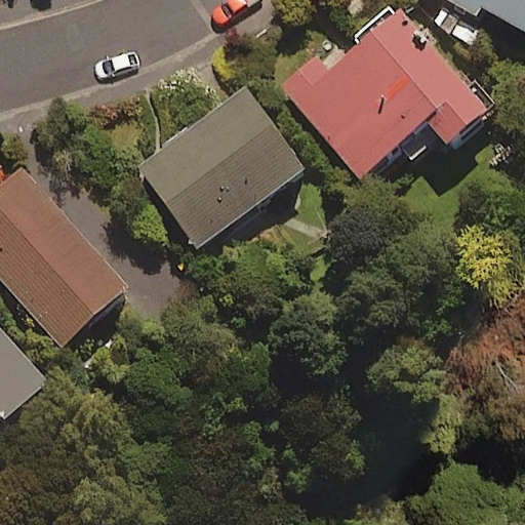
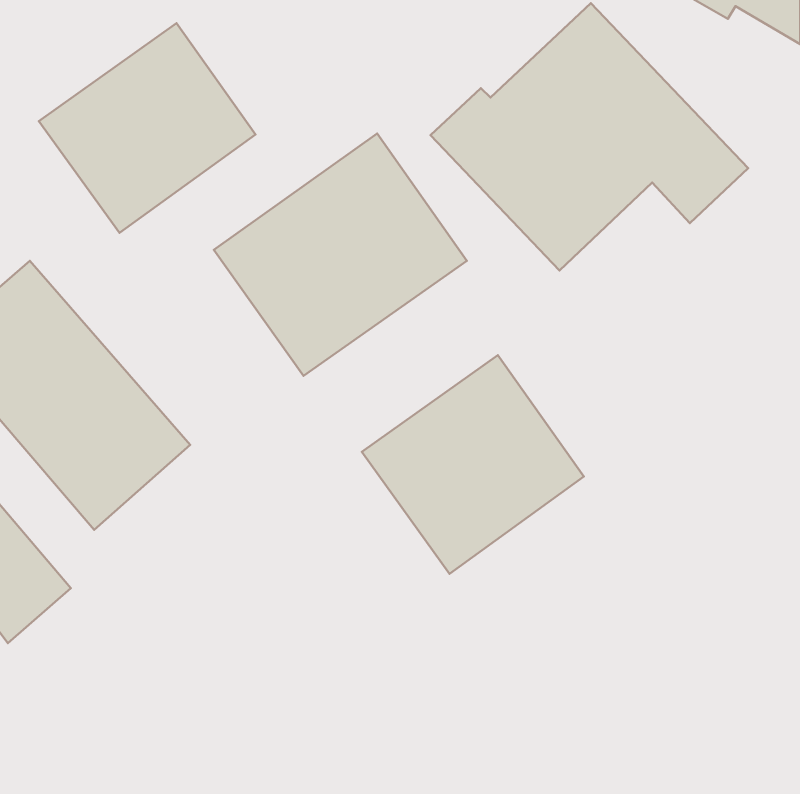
building: none -> [39,23,256,233]
building: none -> [362,355,584,574]

